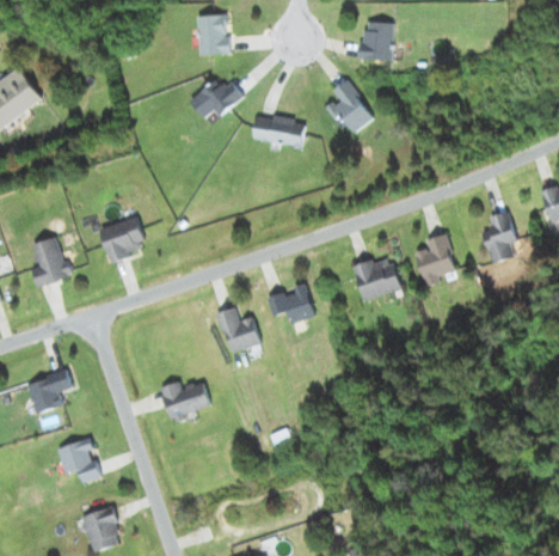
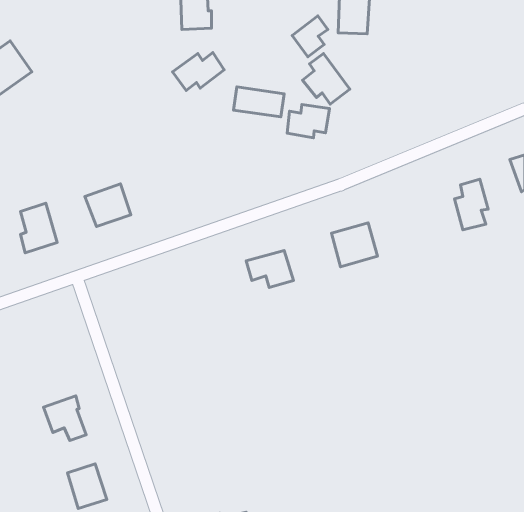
building: none -> [292,16,328,57]
building: none -> [287,104,329,138]
building: [416,233,456,286] -> none
building: [217,307,262,353] -> none
building: [25,368,73,414] -> none
building: [161,380,210,422] -> none

